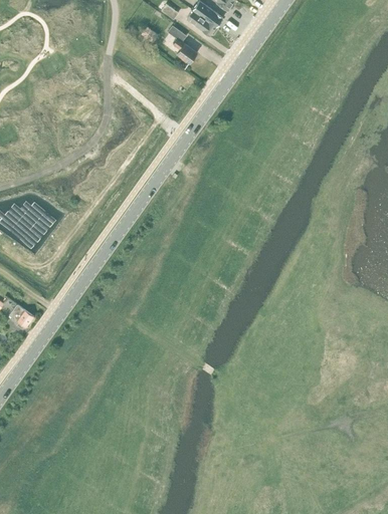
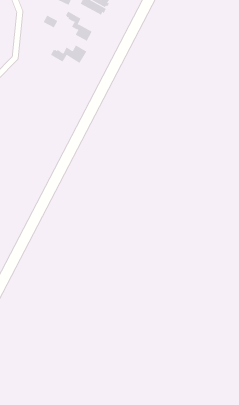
building: none -> [50,44,87,64]

